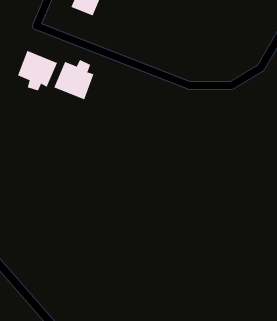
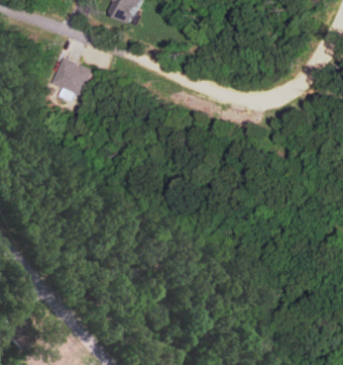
building: [53,59,94,100] -> none

